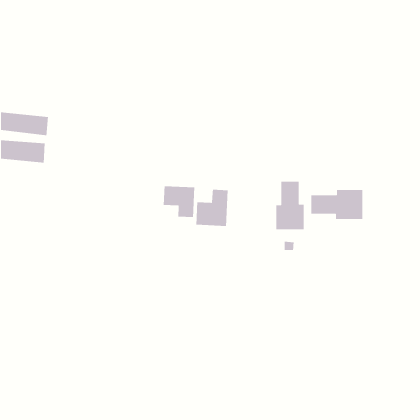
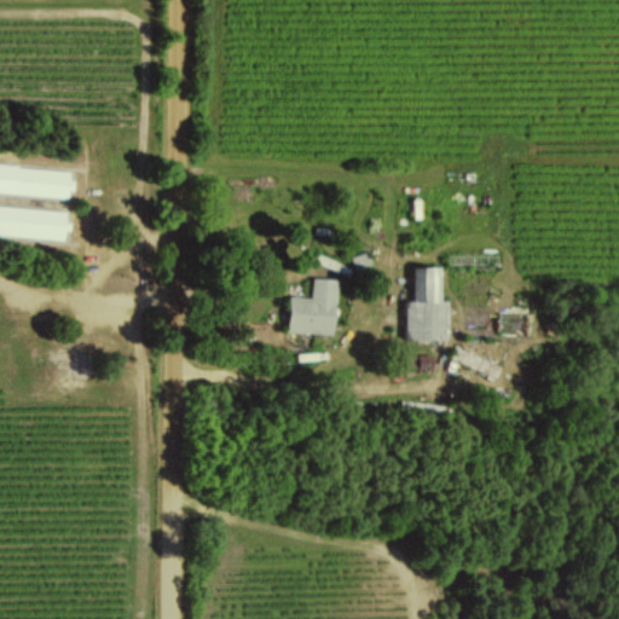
building: [163,186,195,218] -> none
building: [311,189,363,220] -> none

